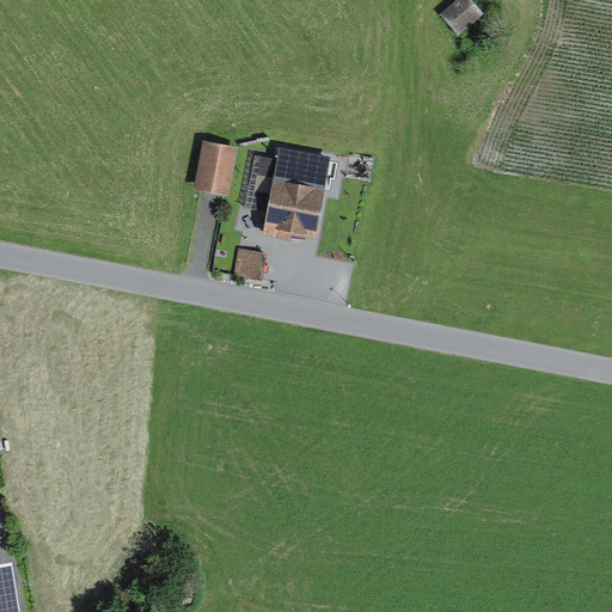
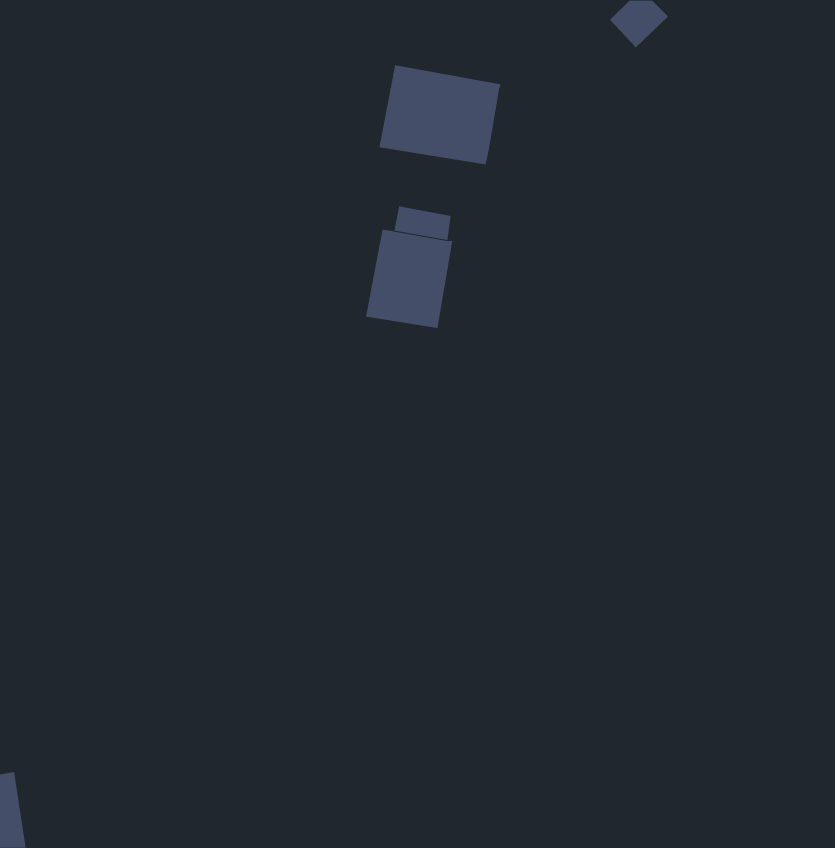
building: none -> [379,65,501,165]
building: [192,140,237,195] -> none

